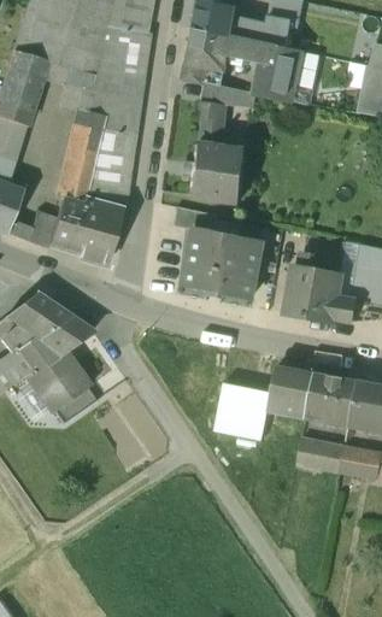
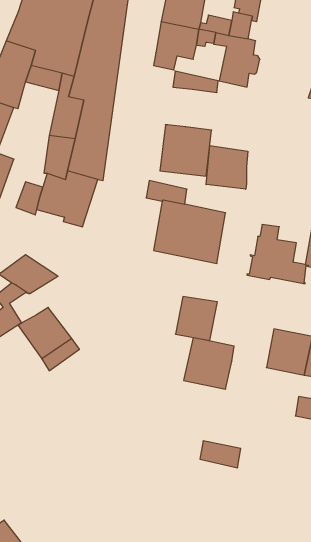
building: [196,102,224,147] -> none
building: none -> [206,145,248,189]
building: [19,315,94,366] -> none
building: [269,368,316,417] -> [175,297,217,341]
building: [298,441,343,471] -> [200,441,241,468]

